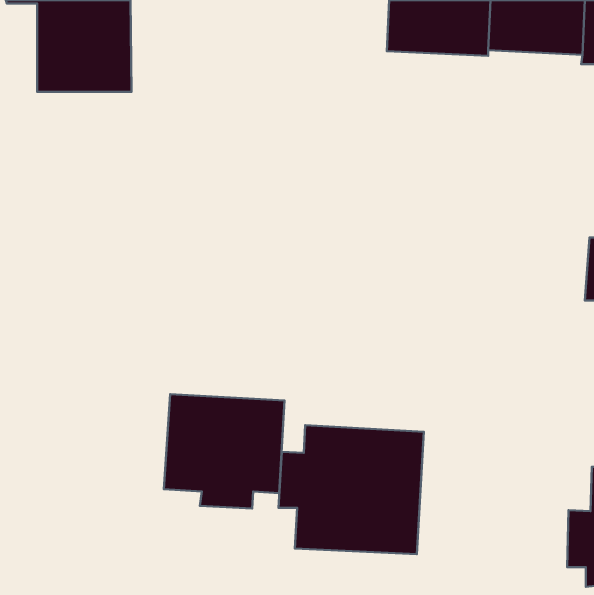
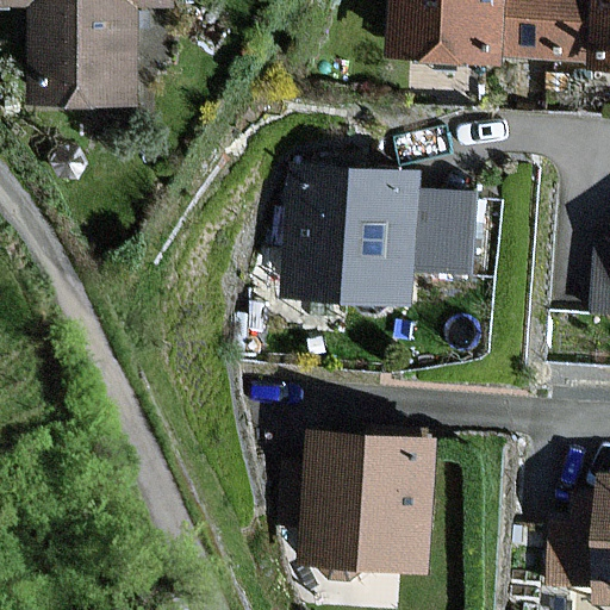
building: none -> [290,164,472,299]
building: [164,394,284,509] -> none

